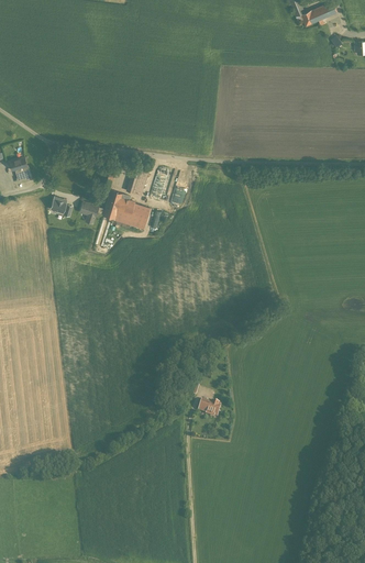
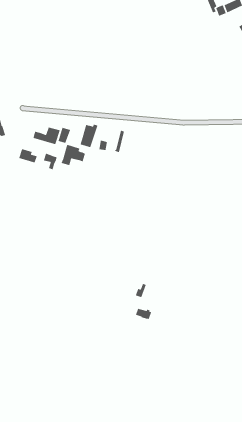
building: [114,203,151,228] -> [33,126,61,145]

